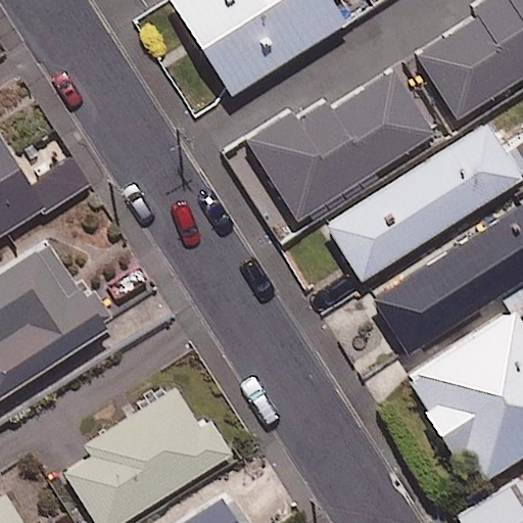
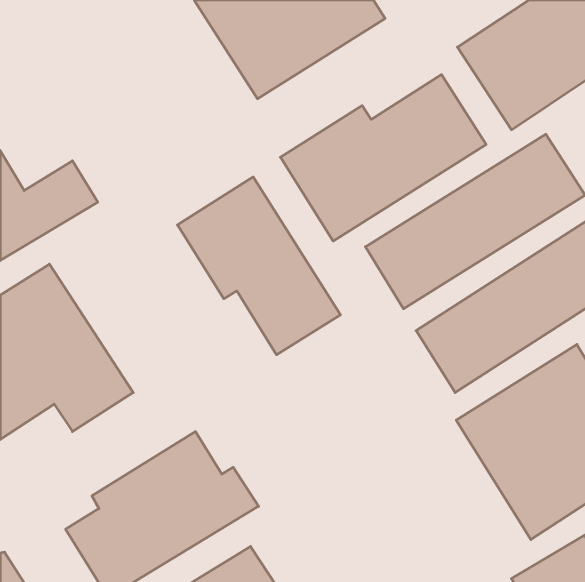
building: none -> [177,177,340,355]

